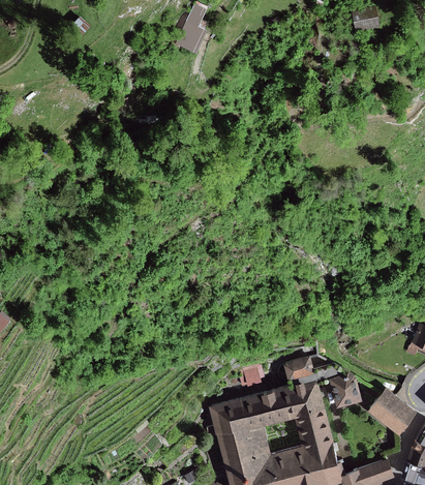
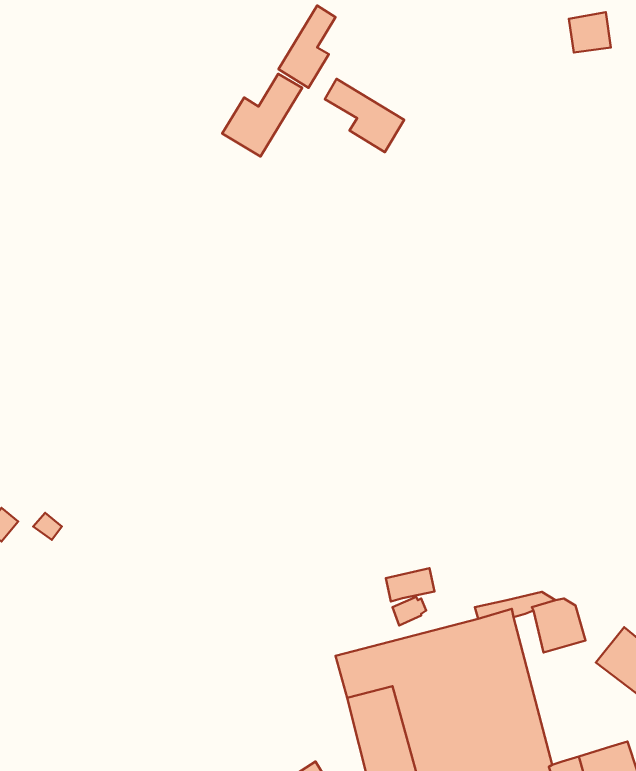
building: none -> [222,74,302,156]
building: none -> [325,79,404,152]
building: [283,357,313,377] -> [386,568,435,602]

